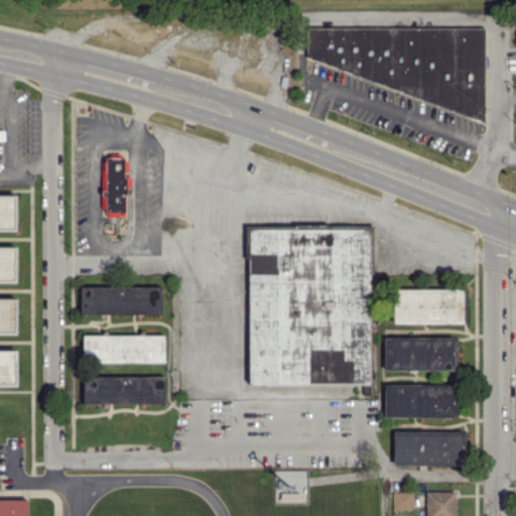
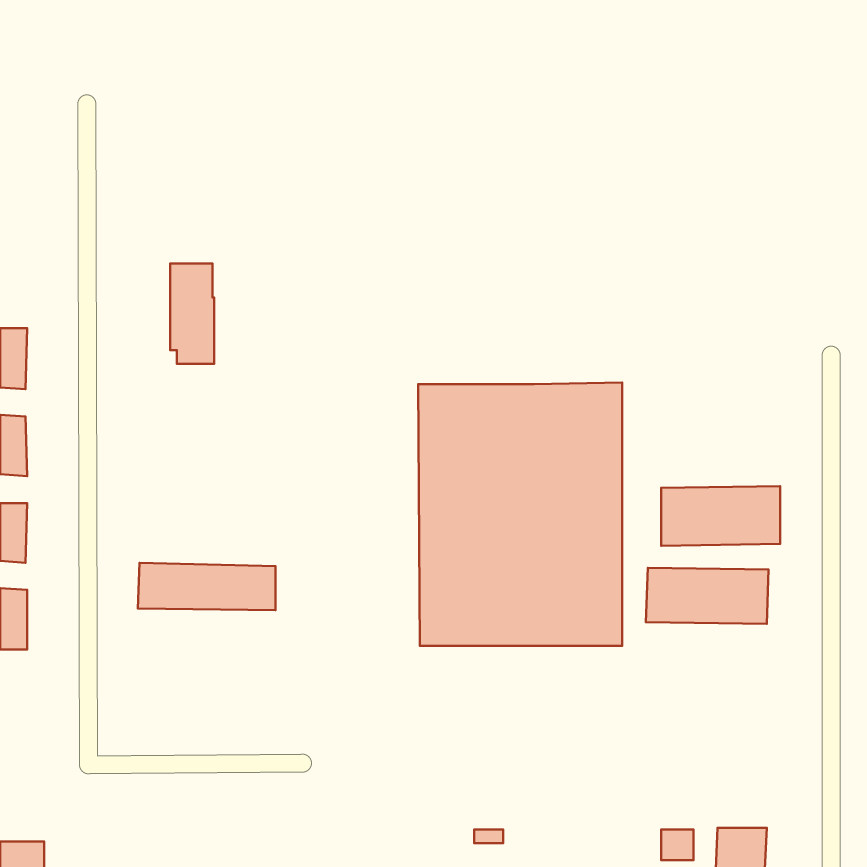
building: [307,28,485,118] -> none
building: [81,287,162,315] -> none
building: [83,376,164,405] -> none
building: [384,384,457,418] -> none
building: [394,431,464,467] -> none

